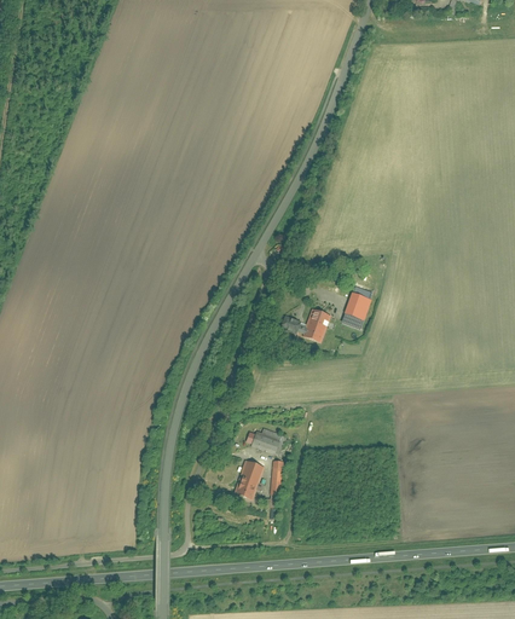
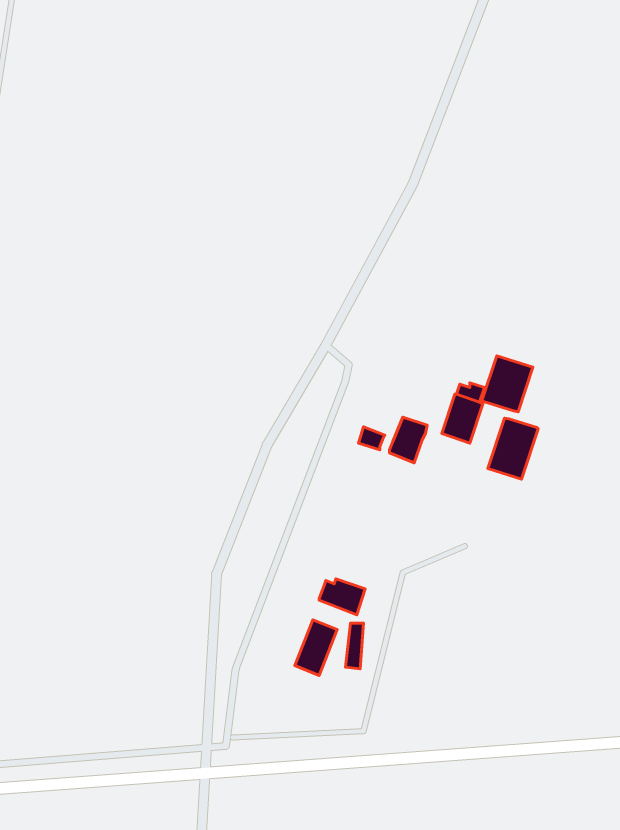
building: none -> [482,356,533,412]
building: none -> [488,418,538,479]

